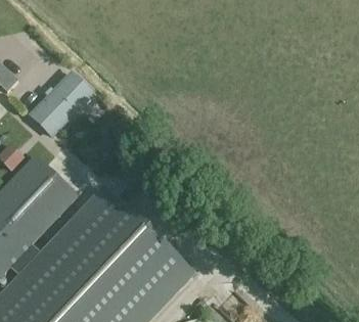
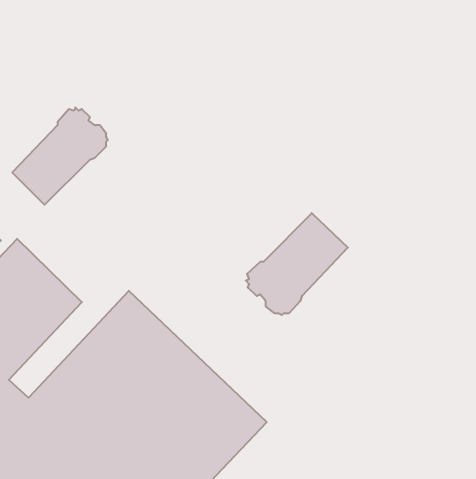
building: none -> [246,213,348,315]

